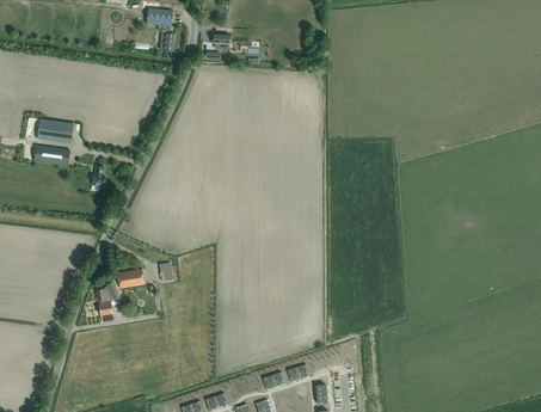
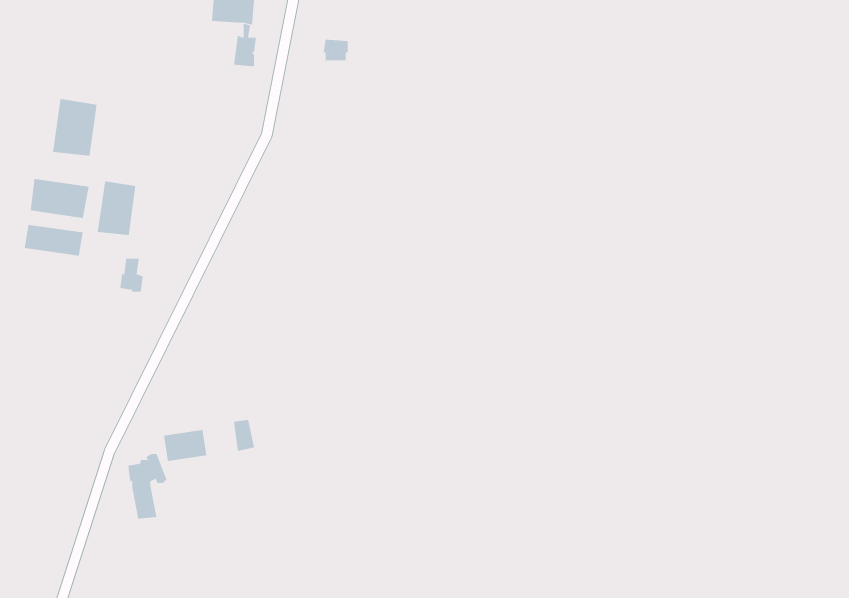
building: none -> [52,98,97,157]
building: none -> [97,181,136,236]

